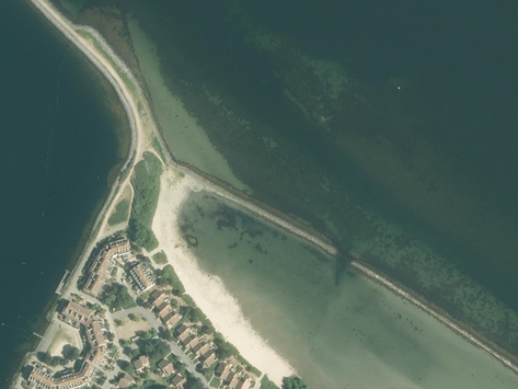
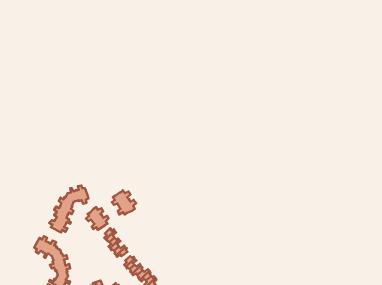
building: none -> [112,190,136,215]

